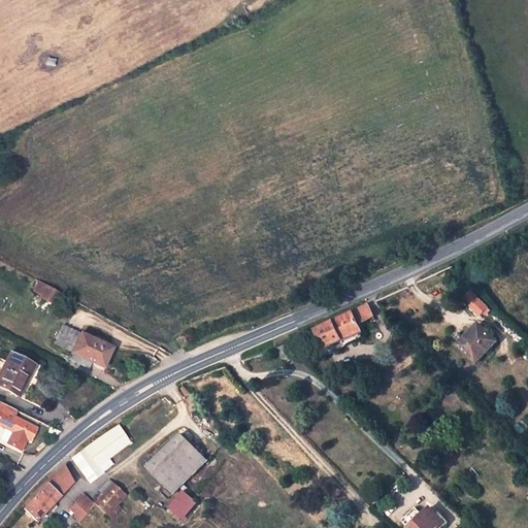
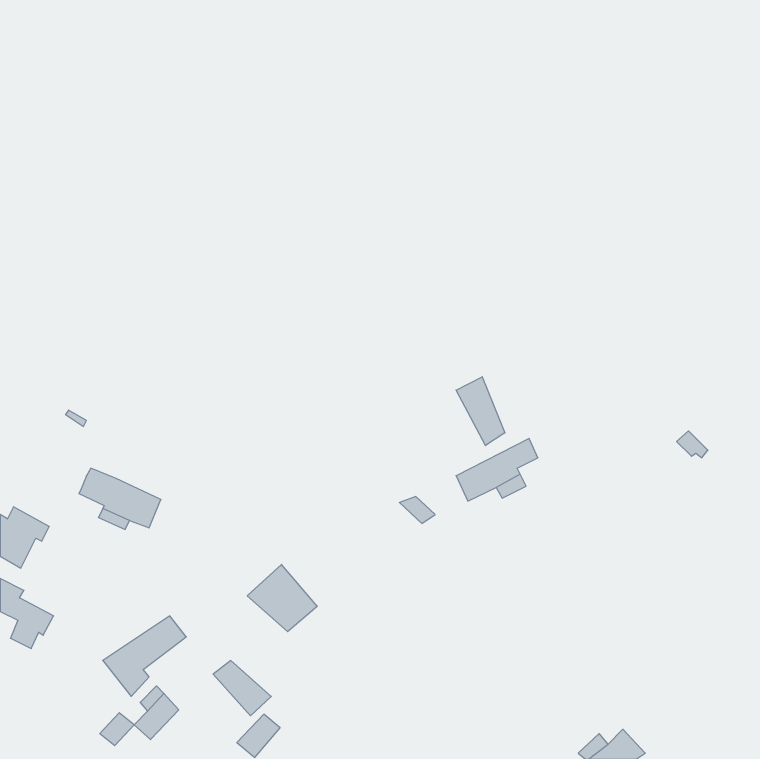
building: none -> [456,377,505,446]
building: [460,329,499,364] -> none
building: [161,435,209,482] -> [247,564,317,632]
building: [22,463,70,518] -> none

